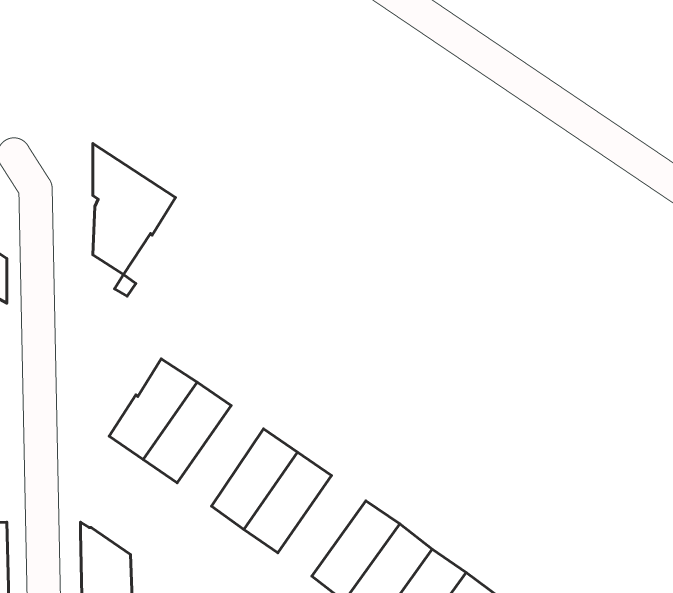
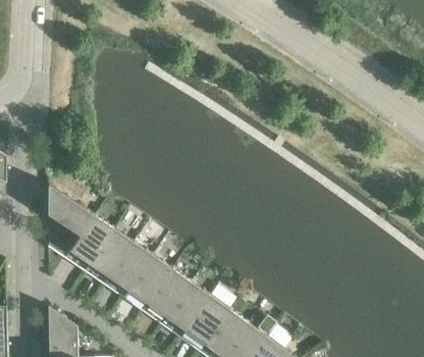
building: [93,144,175,275] -> [47,183,94,257]
building: none -> [103,240,152,297]
building: none -> [160,279,210,337]

